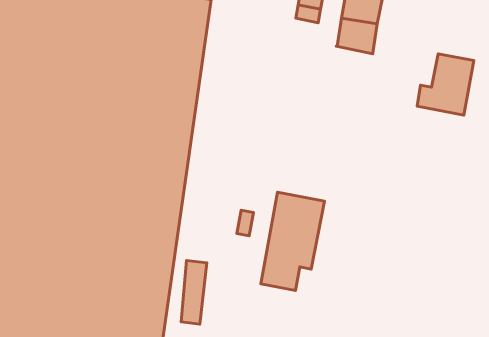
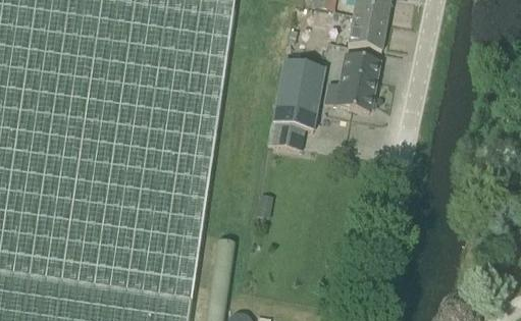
building: [417,54,474,115] -> [325,58,377,114]
building: [261,192,324,290] -> [266,63,324,153]

